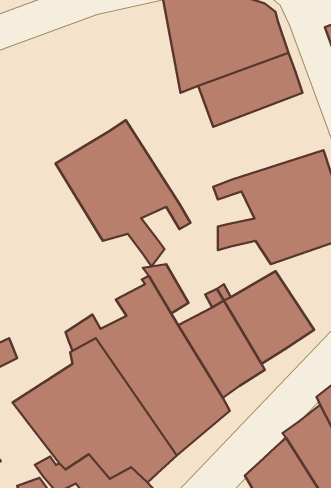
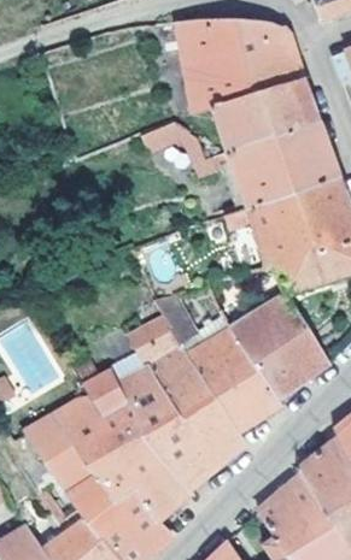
building: none -> [197,118,340,207]
building: [55,120,190,266] -> none

